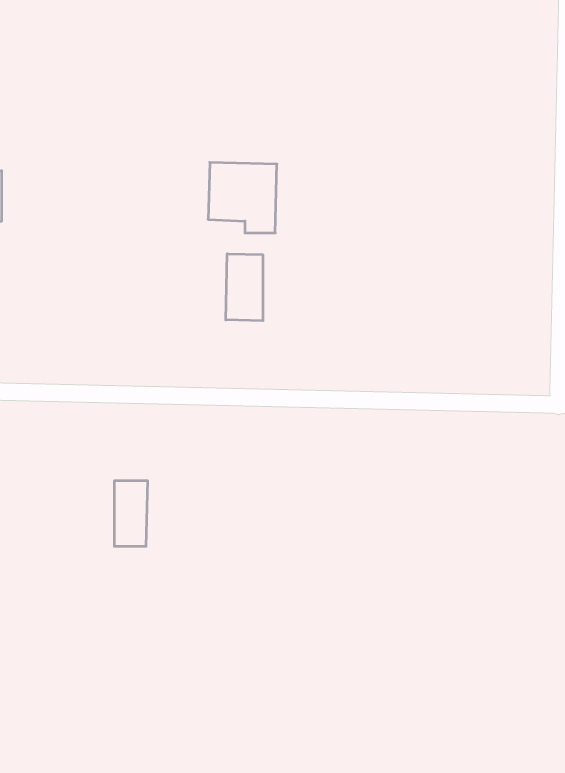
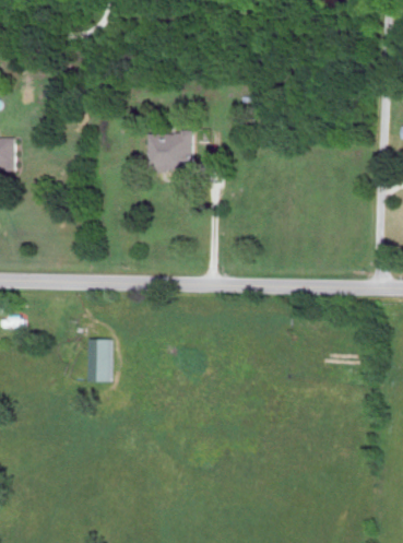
building: [226,254,263,321] -> none

